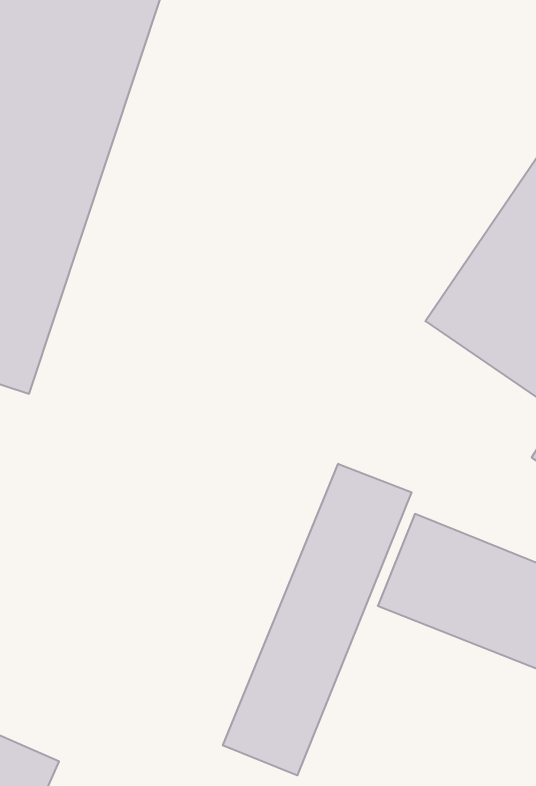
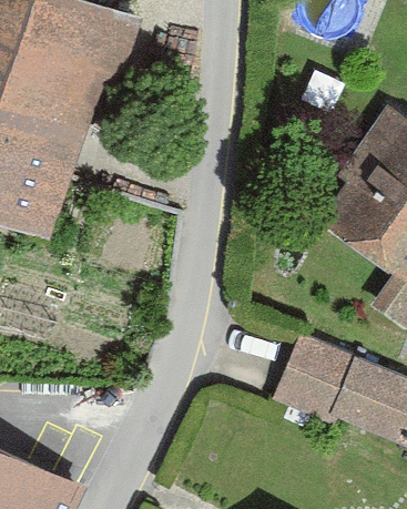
building: [223,464,412,775] -> none

